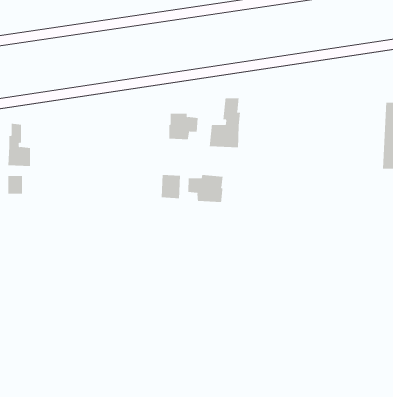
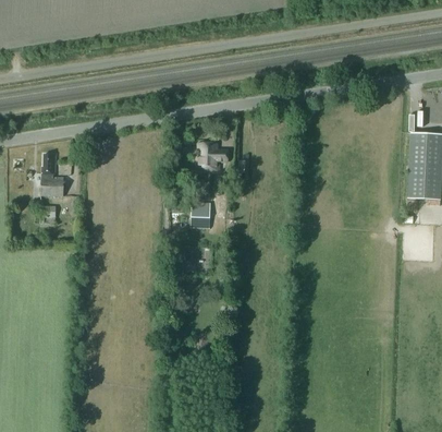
building: [209,97,241,148] -> none
building: [188,174,223,203] -> none

